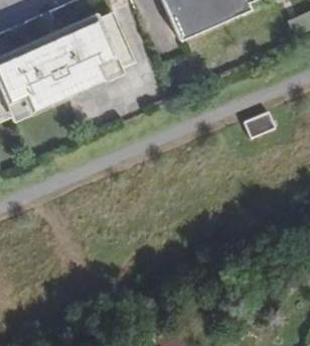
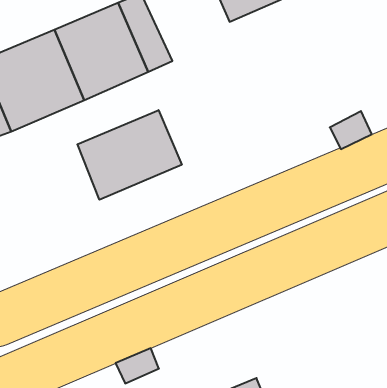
building: none -> [77,110,182,200]

